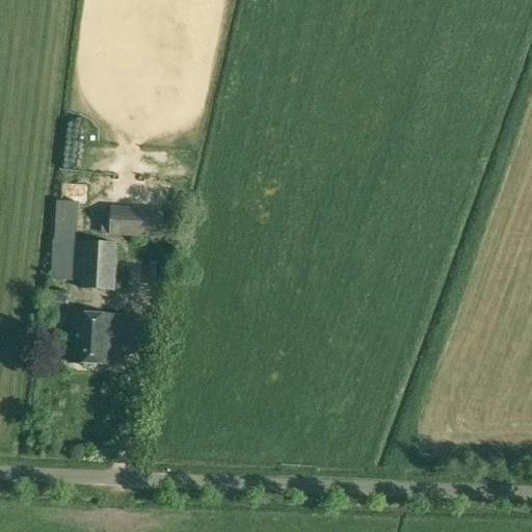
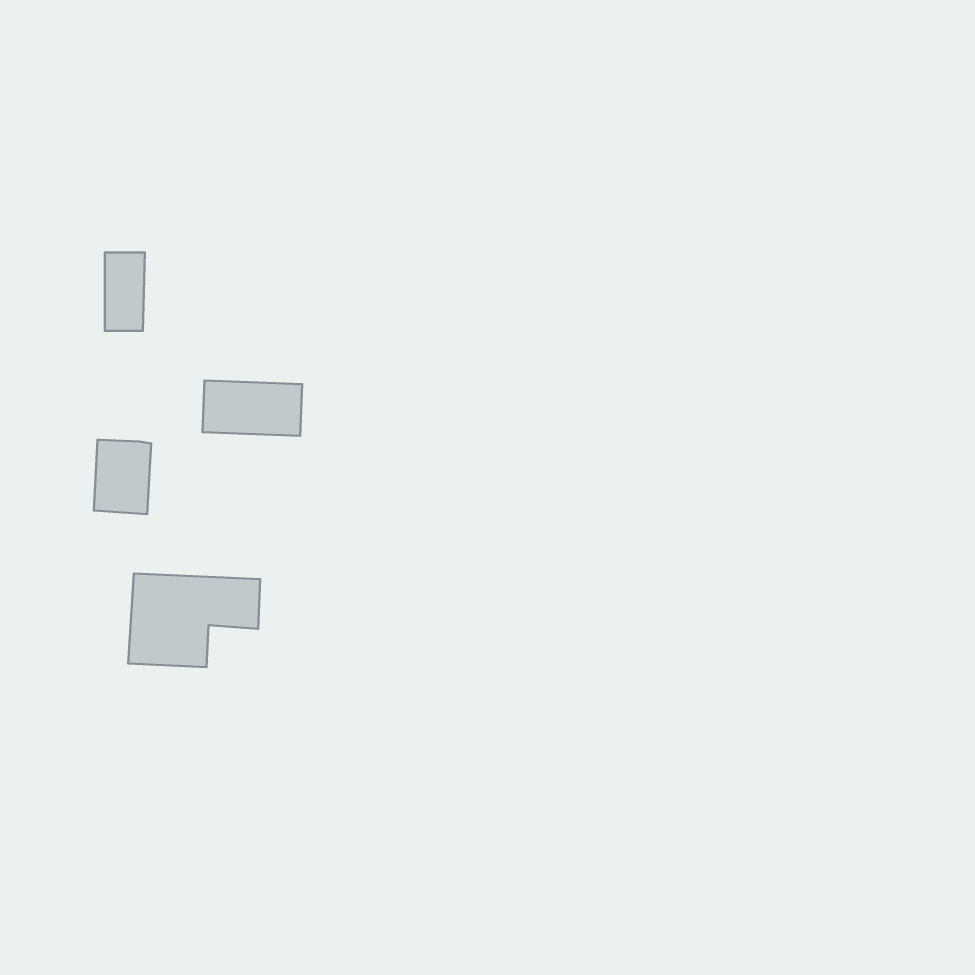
building: [54,195,76,238] -> [105,252,145,331]
building: [81,240,117,289] -> none

